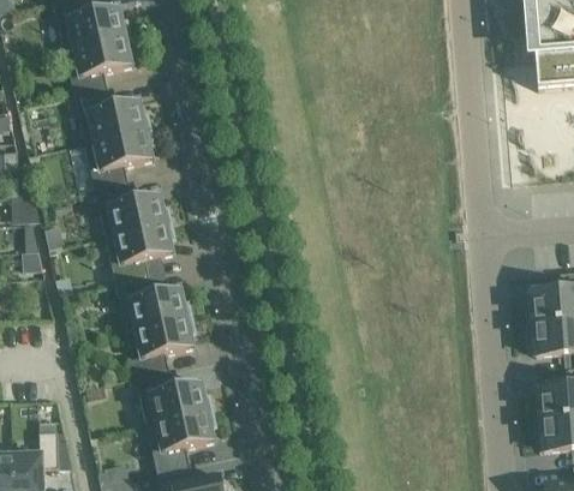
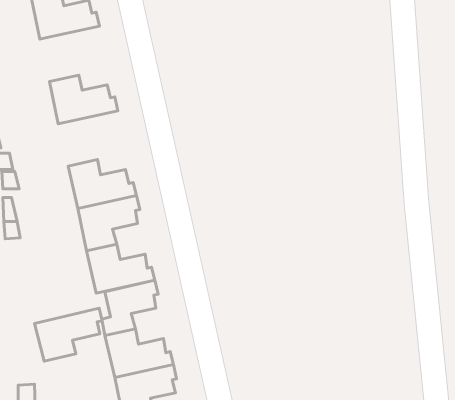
building: [71,31,133,92] -> none
building: [85,125,155,186] -> none
building: none -> [35,308,102,361]

